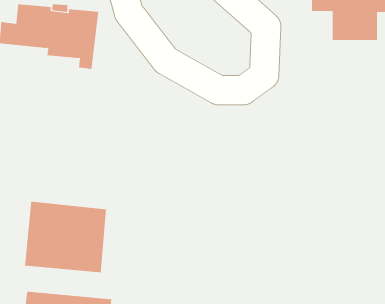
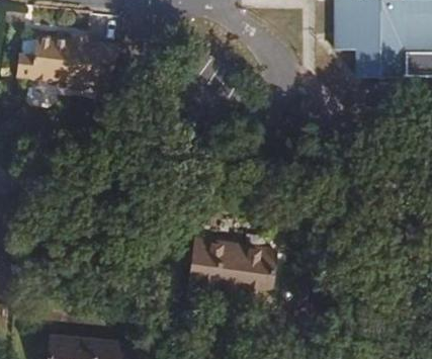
building: none -> [182,233,273,299]
building: [24,201,106,273] -> none

